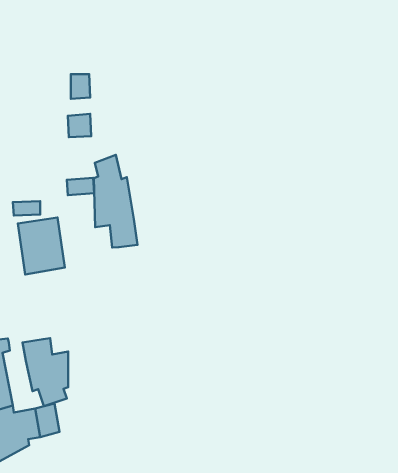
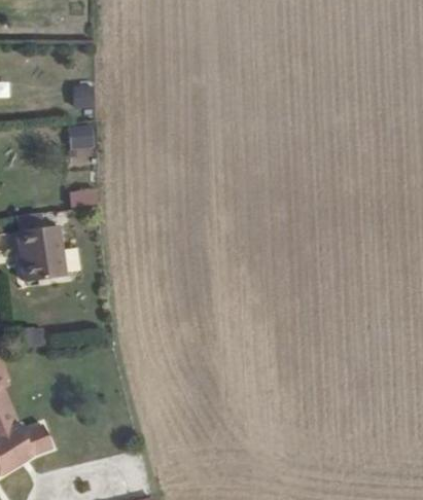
building: [94,155,138,248] -> none
building: [23,338,68,406] -> none

